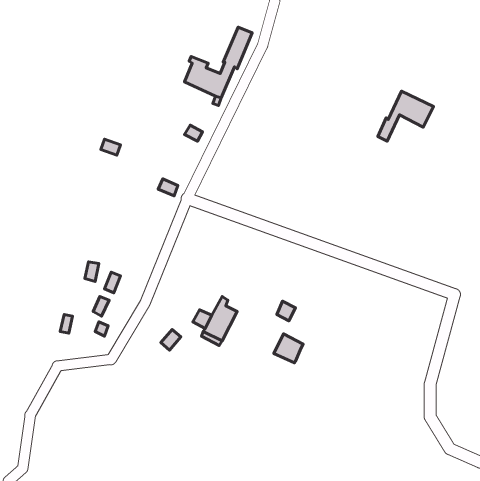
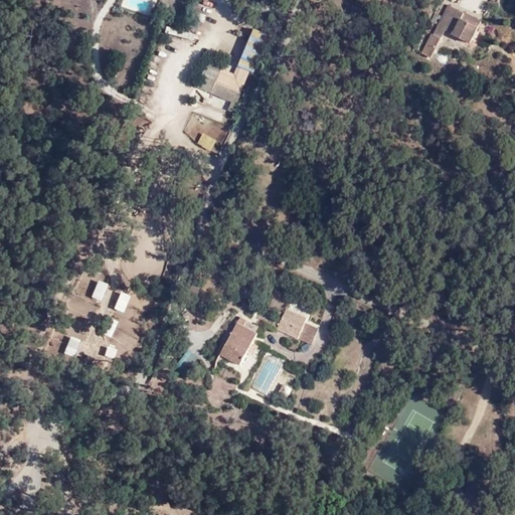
building: [378,91,433,141] -> [421,4,481,57]
building: [274,334,303,363] -> [273,307,304,338]

